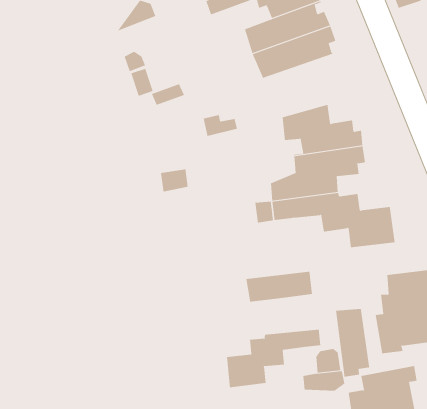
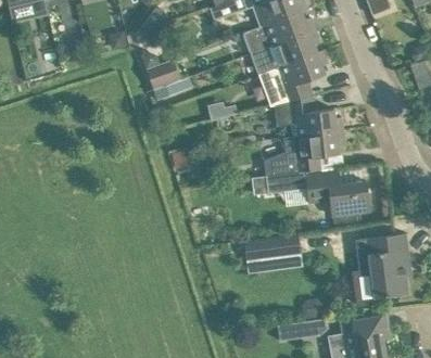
building: none -> [258,50,328,107]
building: [336,308,370,378] -> none
building: [227,329,321,388] -> none

